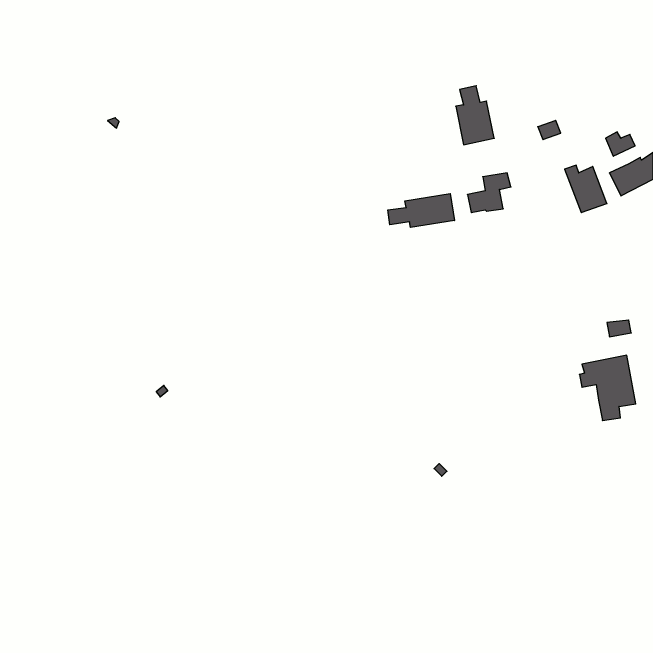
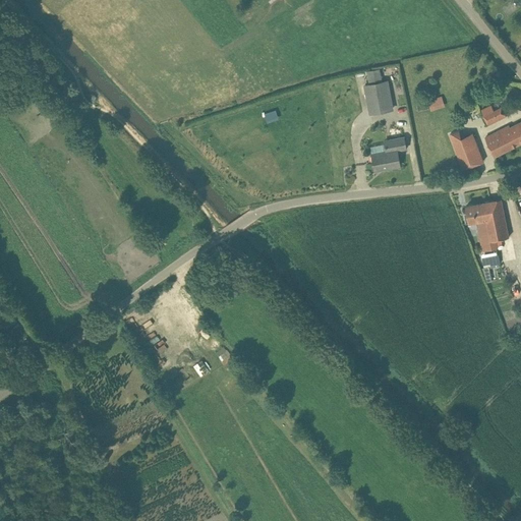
building: [388,194,454,227] -> none
building: [579,355,636,421] -> [463,199,508,251]

